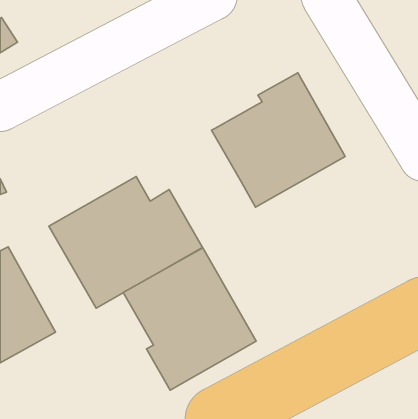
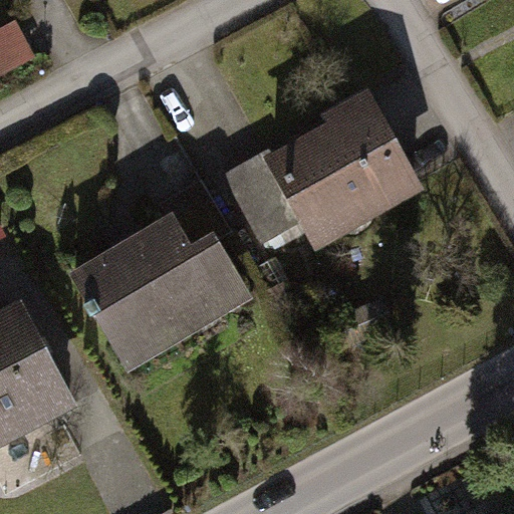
building: none -> [220,150,299,243]
building: [123,248,256,390] -> none

